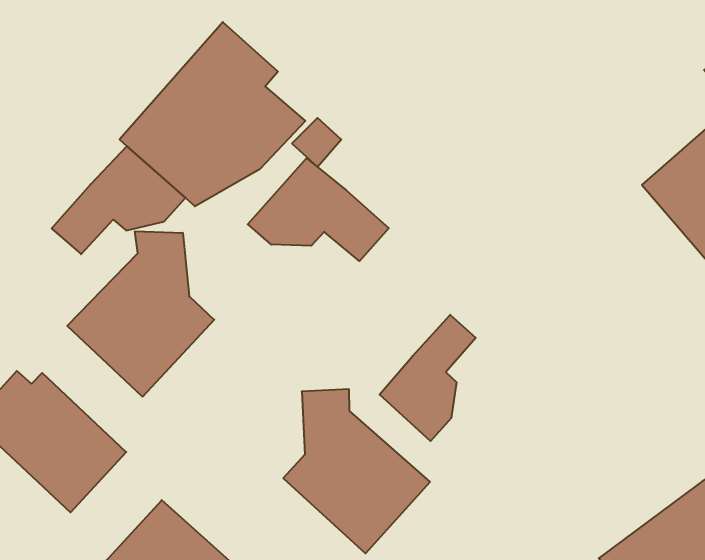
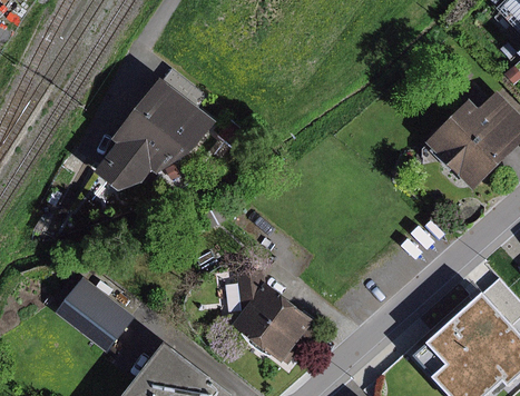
building: [248,158,389,261] -> none
building: [67,231,214,397] -> none
building: [380,315,476,441] -> none

